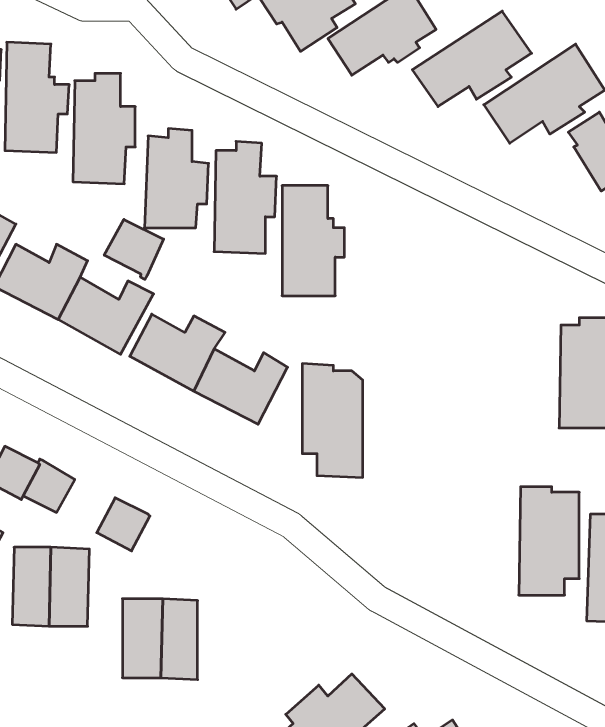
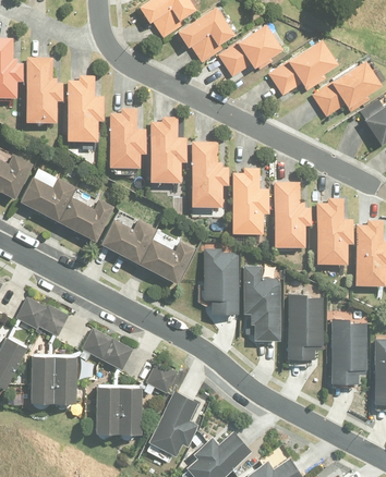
building: [104,219,164,279] -> none
building: none -> [233,169,269,234]
building: none -> [275,183,312,248]
building: none -> [317,199,354,265]
building: none -> [244,267,281,343]
building: none -> [286,296,322,360]
building: none -> [101,339,132,370]
building: none -> [147,362,177,393]
building: none -> [148,391,200,458]

